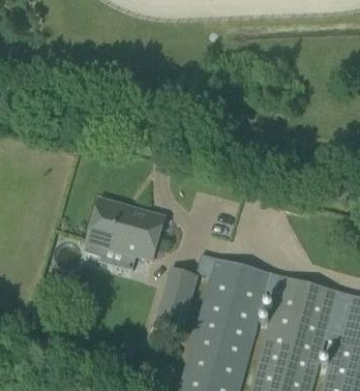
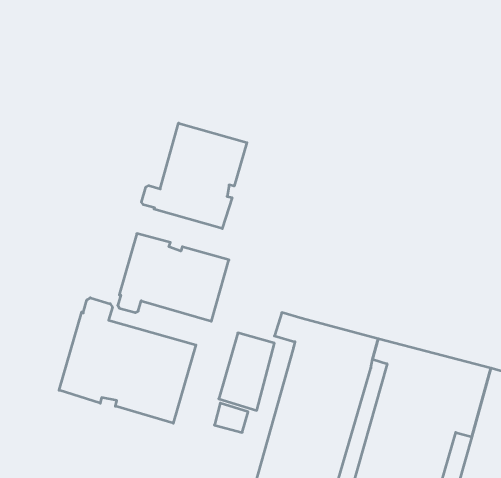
building: none -> [141,123,247,229]
building: none -> [59,298,196,423]

